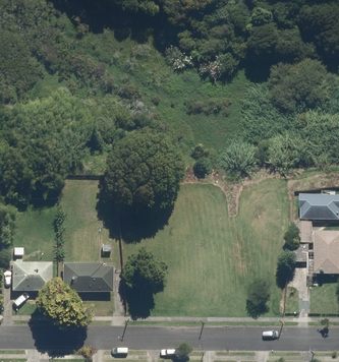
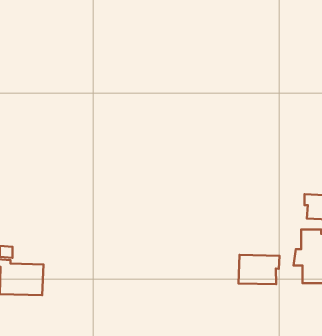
building: none -> [239,255,280,284]
building: [62,262,113,292] -> none

